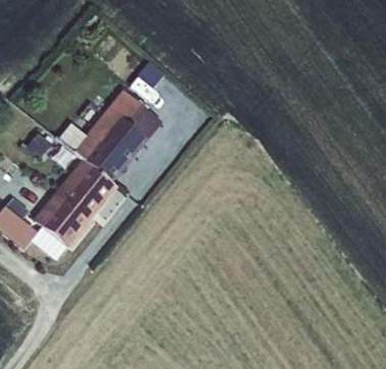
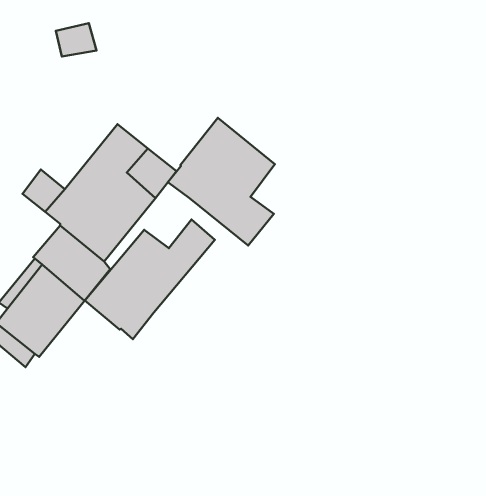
building: none -> [168,118,275,245]
building: none -> [85,220,215,339]

